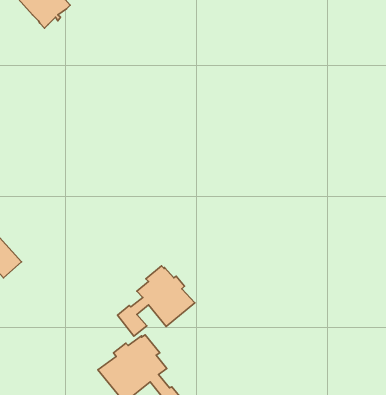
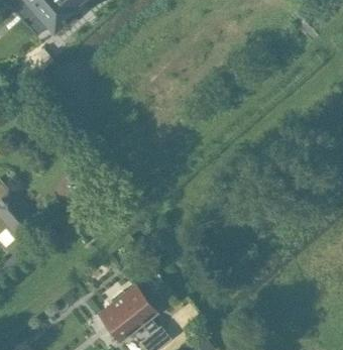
building: [117,266,195,336] -> none

